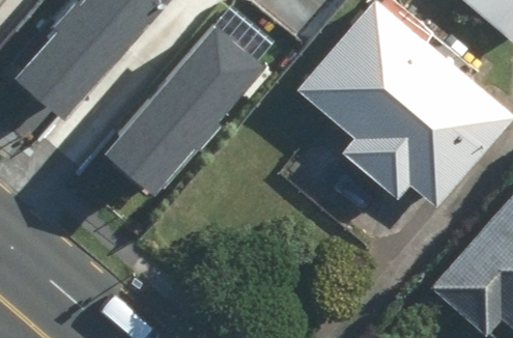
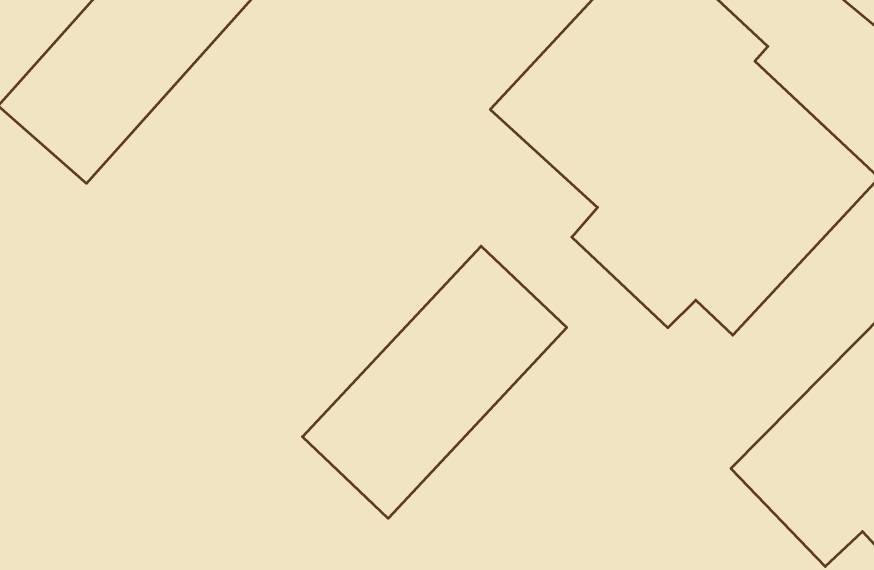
building: [107,23,267,195] -> none
building: none -> [302,246,567,518]

